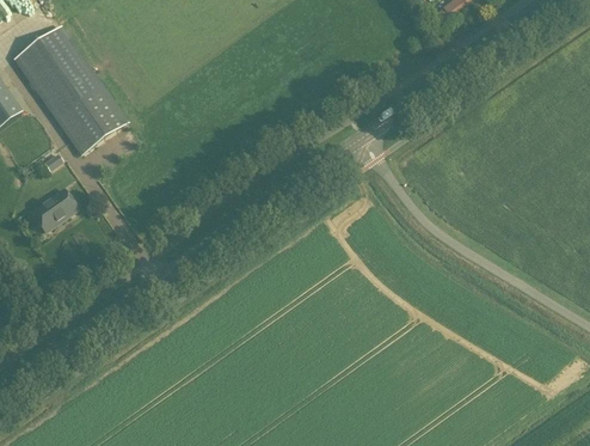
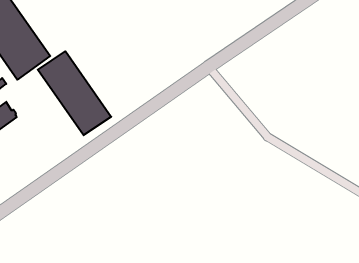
building: none -> [38,51,111,135]

